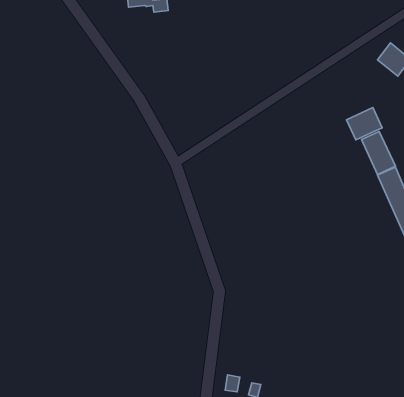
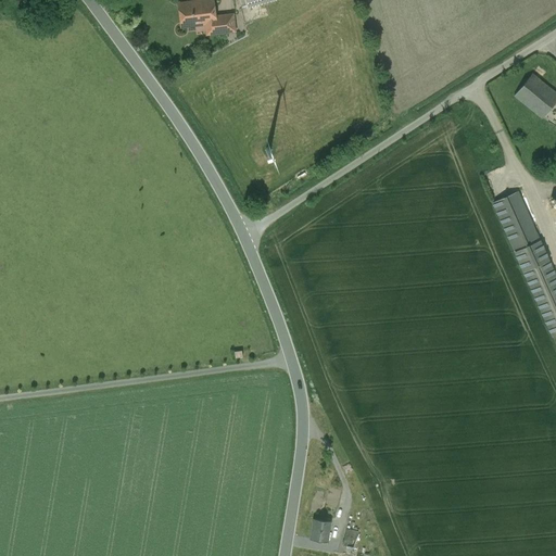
building: [346,108,382,140] -> none

